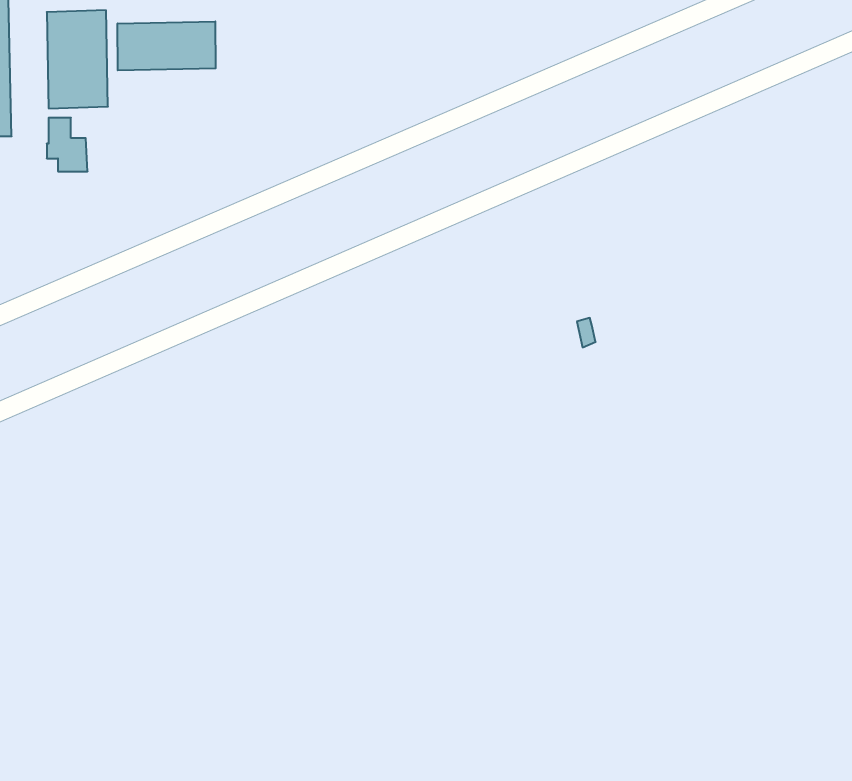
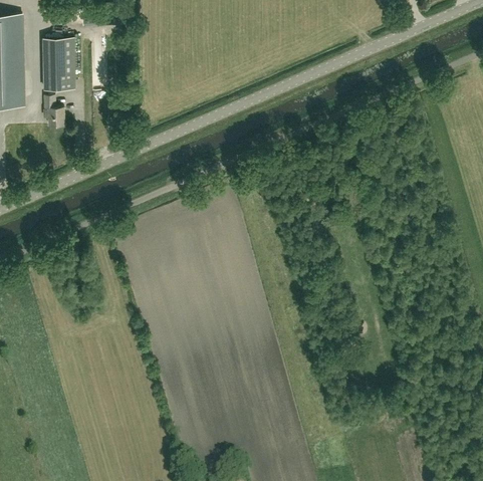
building: [118,21,216,70] -> none

